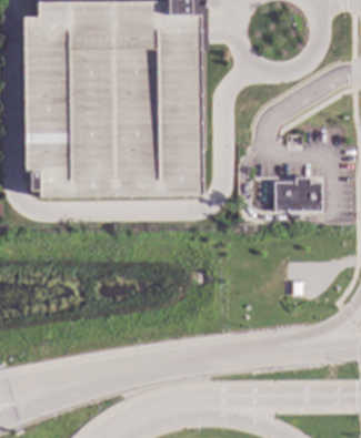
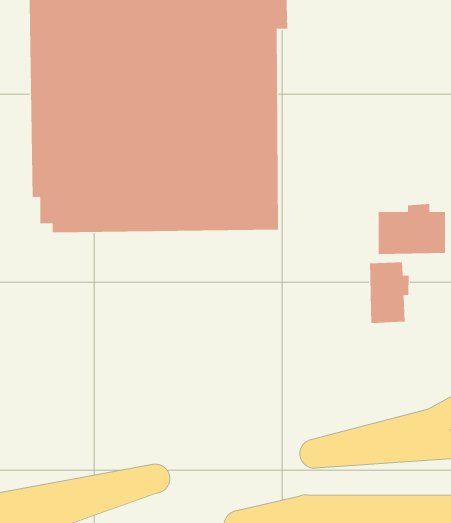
building: none -> [370,261,409,324]

